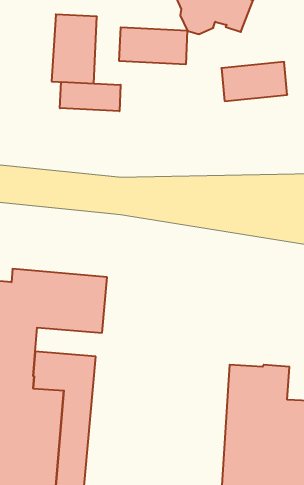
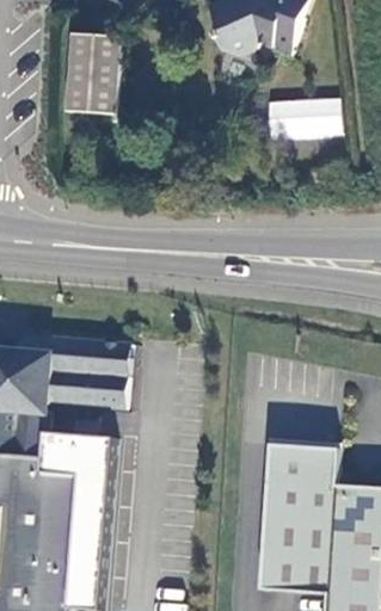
building: [119,27,187,64] -> none
building: [60,82,121,111] -> none

